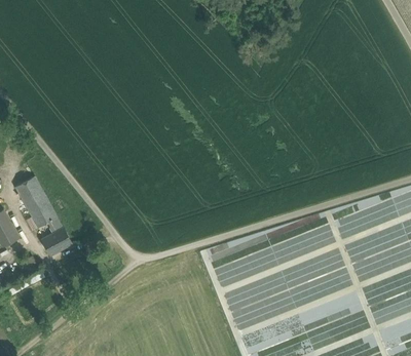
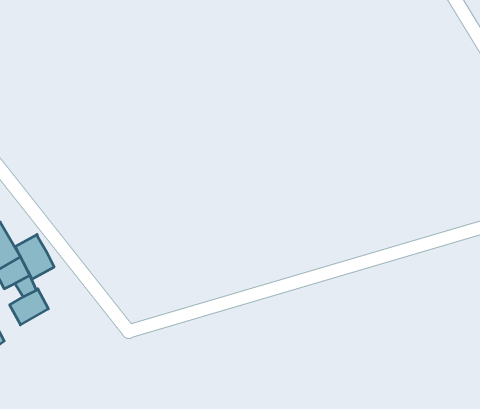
building: none -> [15,234,54,279]

